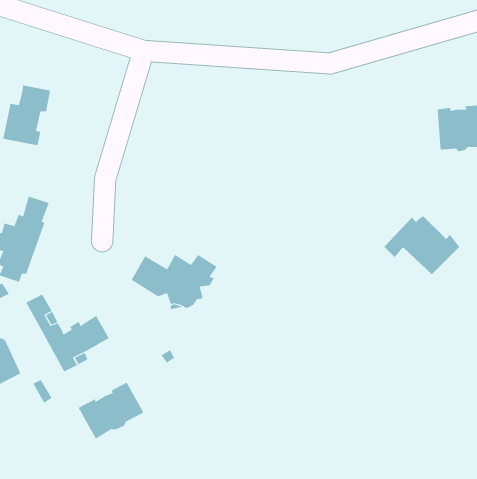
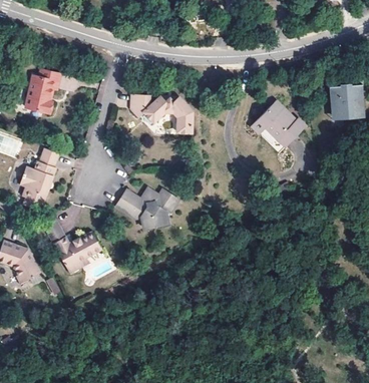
building: none -> [130,95,192,133]
building: [383,215,460,275] -> [251,106,305,148]
building: [78,382,144,439] -> none

